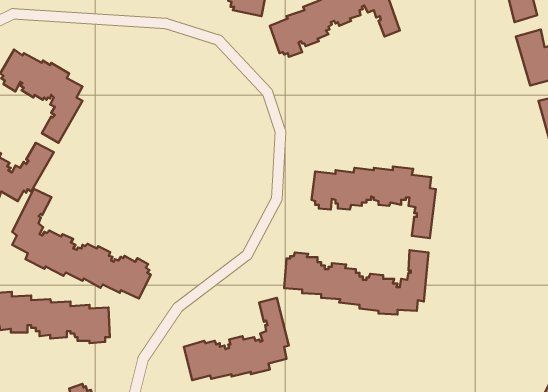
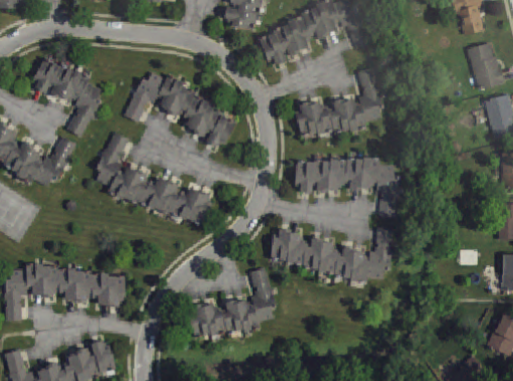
building: none -> [296,67,383,136]
building: none -> [124,72,236,146]
building: [12,189,151,299] -> [96,132,212,224]

